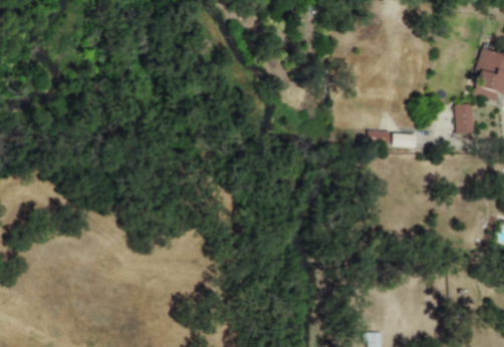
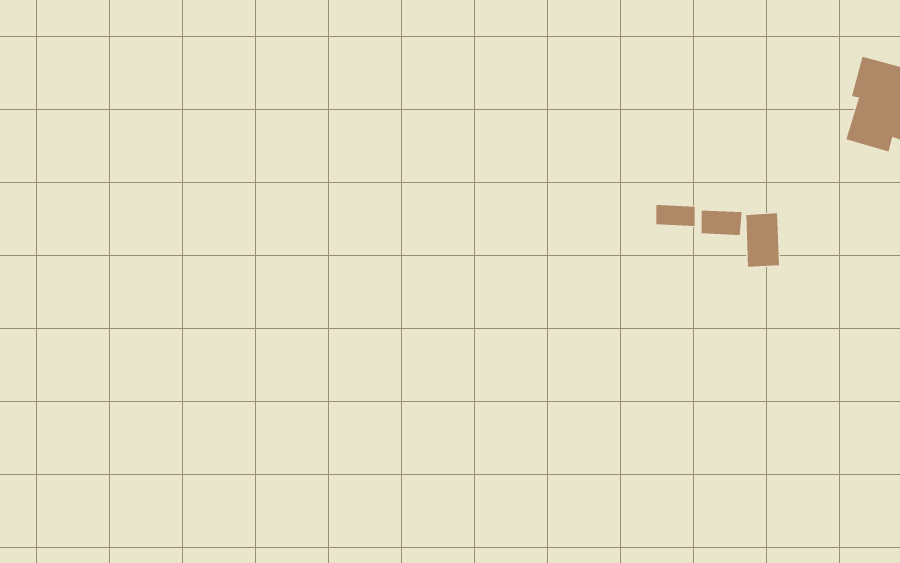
building: [455,103,474,133] -> [745,213,780,267]

